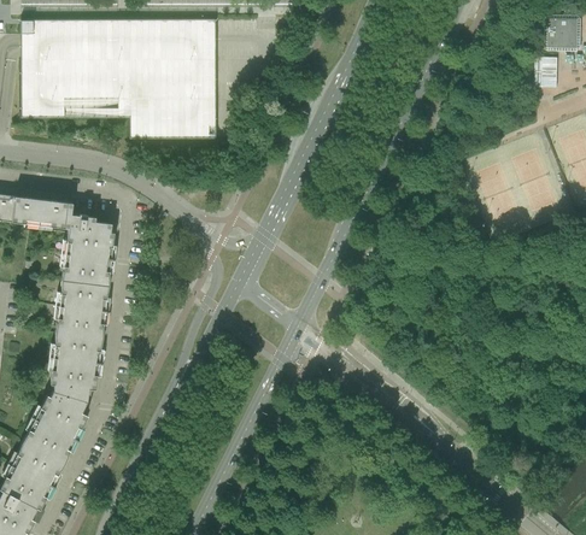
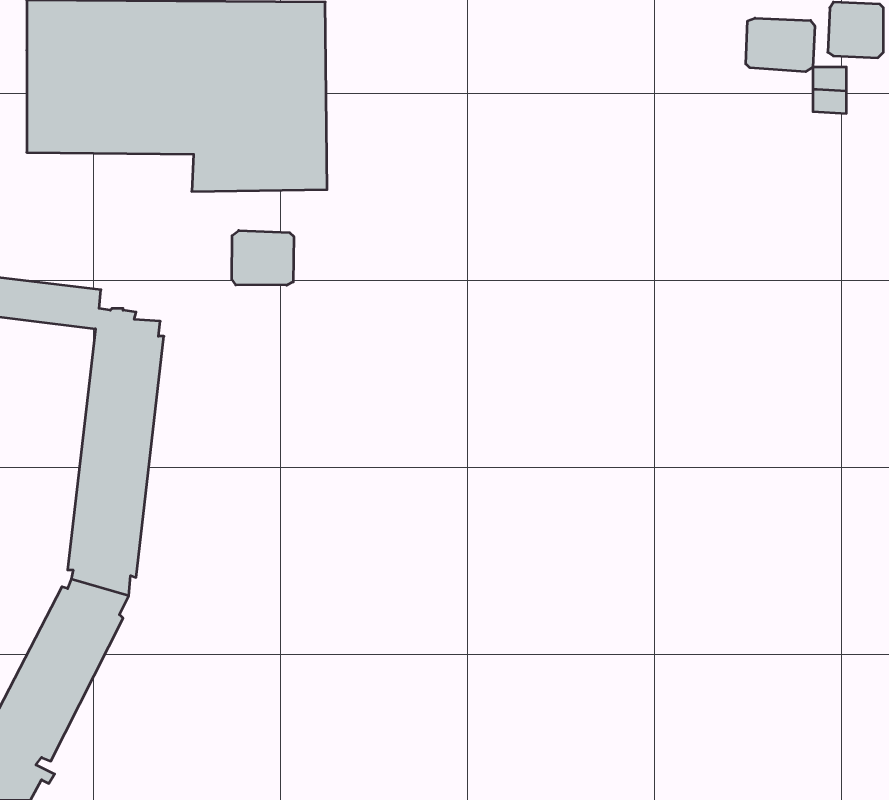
building: none -> [746,18,815,72]
building: none -> [232,230,294,285]

